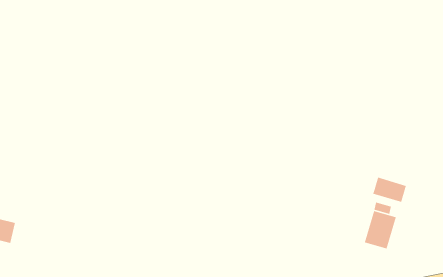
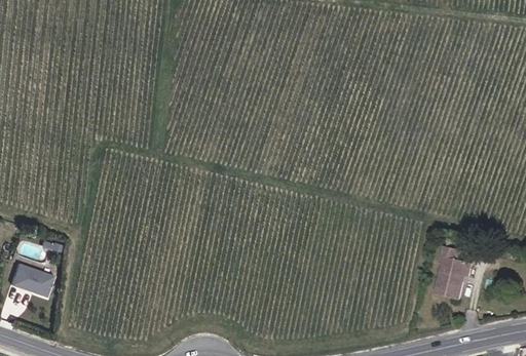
building: [372,177,407,203] -> none

